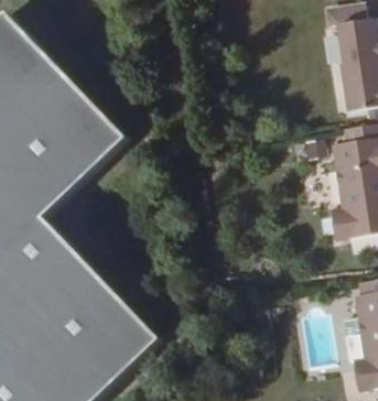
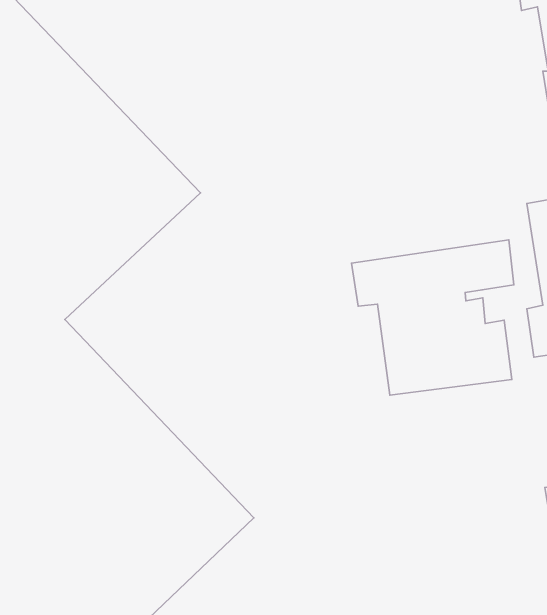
building: none -> [352,240,514,395]

